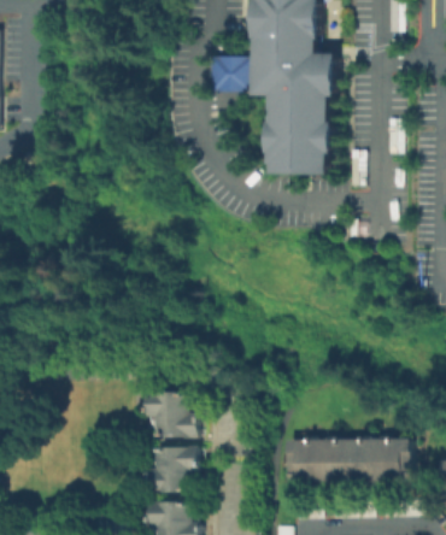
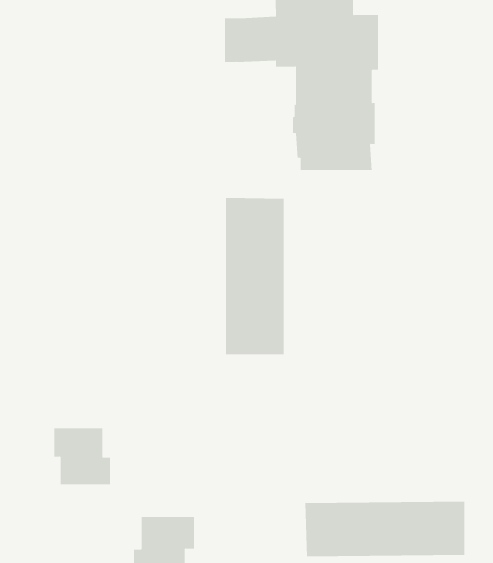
building: none -> [226,197,284,355]
building: [149,395,194,440] -> [54,428,111,485]

